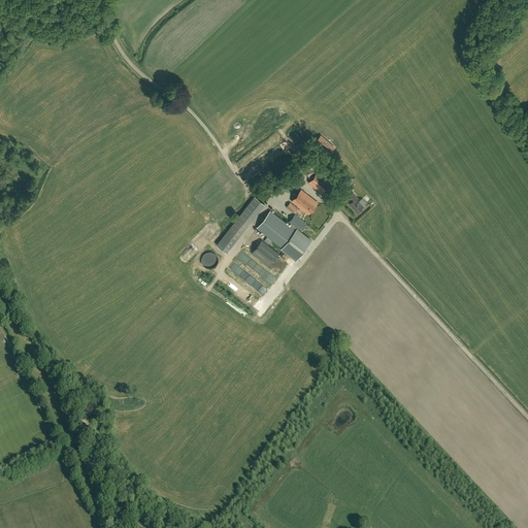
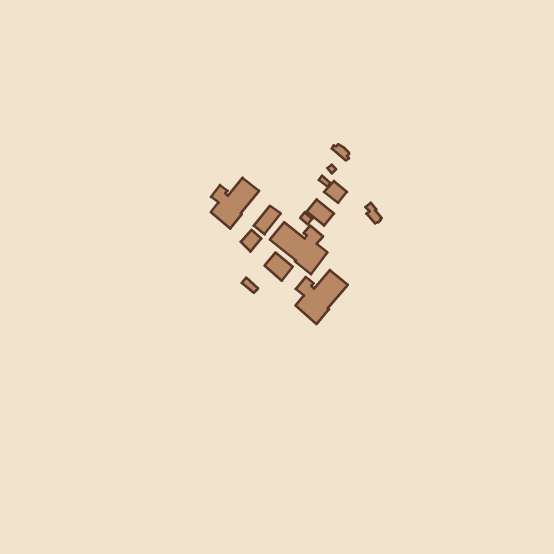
building: none -> [211,178,259,229]
building: none -> [296,270,348,324]

